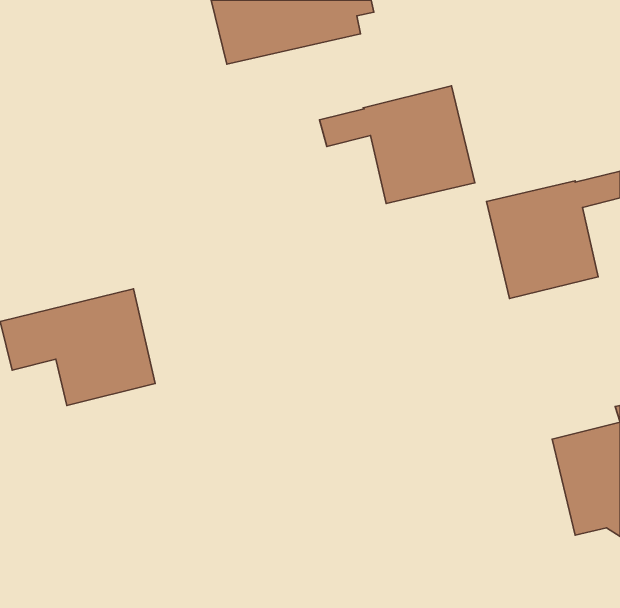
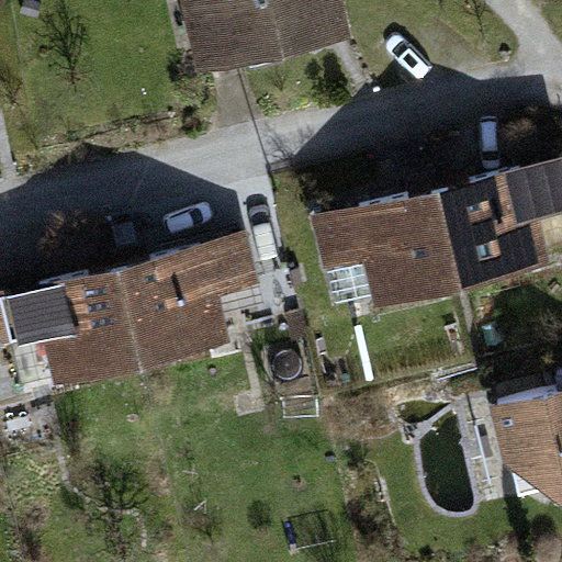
building: [319,86,475,204] -> [321,193,461,300]
building: none -> [121,244,246,358]

